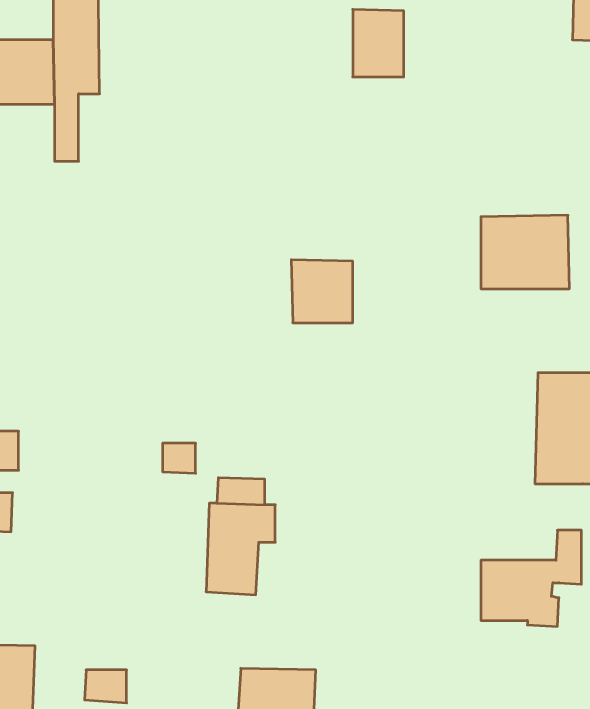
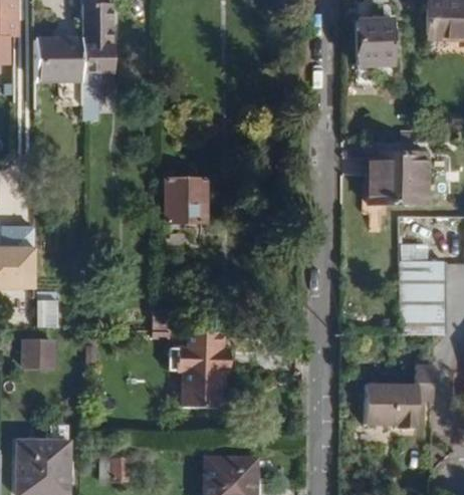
building: [353,9,404,77] -> [359,18,393,63]
building: [291,260,353,323] -> [166,178,207,220]

